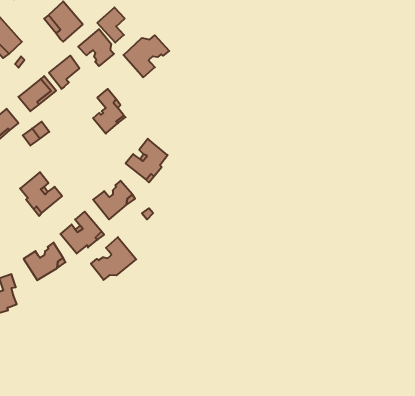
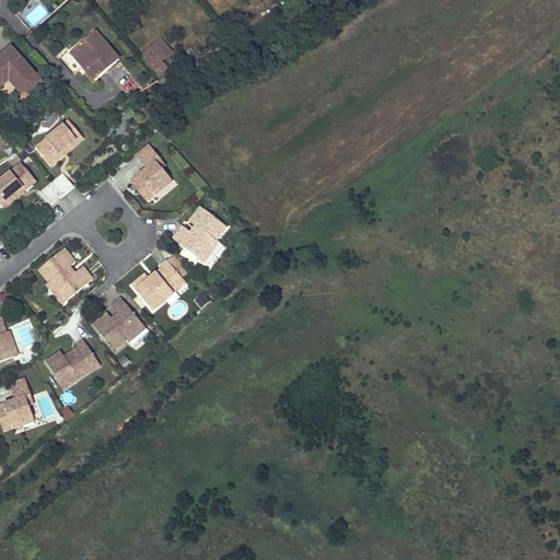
building: [78,29,114,66] -> none
building: [123,35,169,77] -> none
building: [49,56,79,89] -> none
building: [91,237,136,280] -> none

